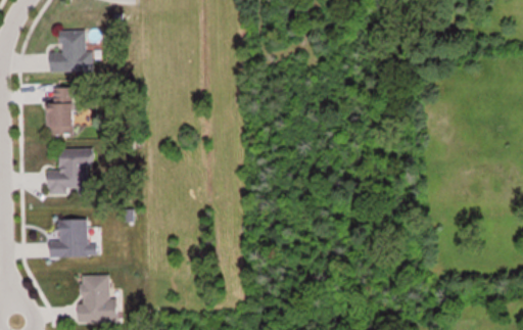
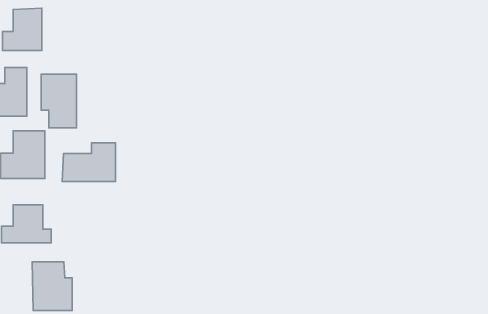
building: none -> [41,74,76,128]
building: none -> [62,143,116,182]

